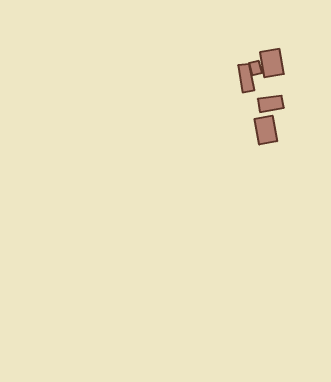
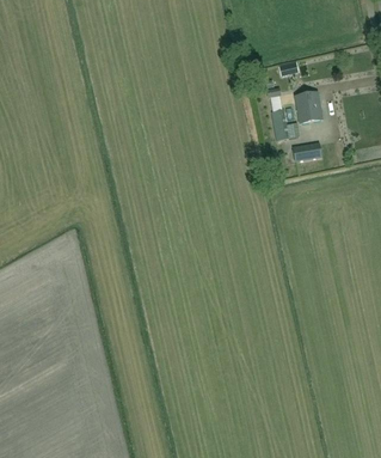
building: [255,116,277,145] -> none

